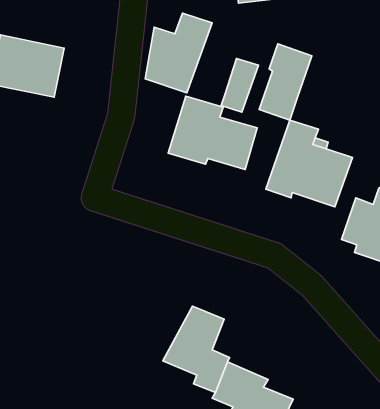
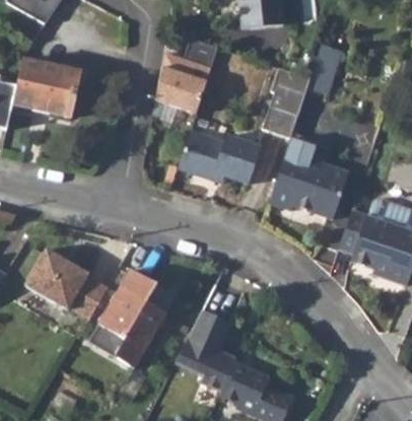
building: [221,59,258,112] -> [307,44,342,93]
building: none -> [26,248,109,319]
building: none -> [99,269,167,368]

